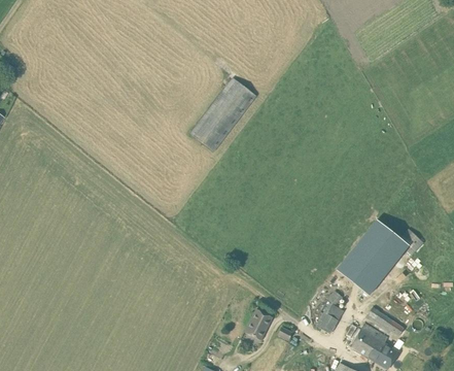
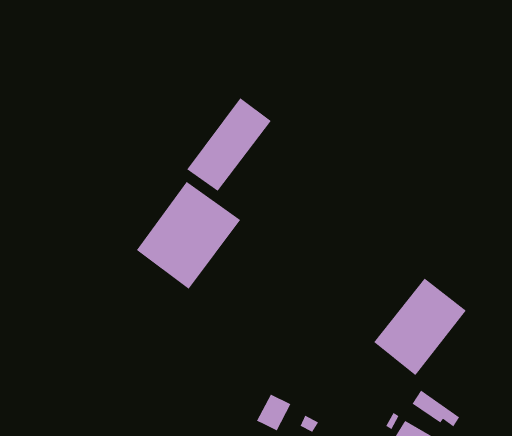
building: none -> [136,181,241,290]
building: [315,290,343,334] -> none

